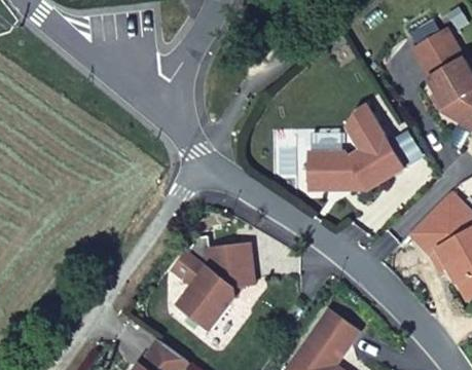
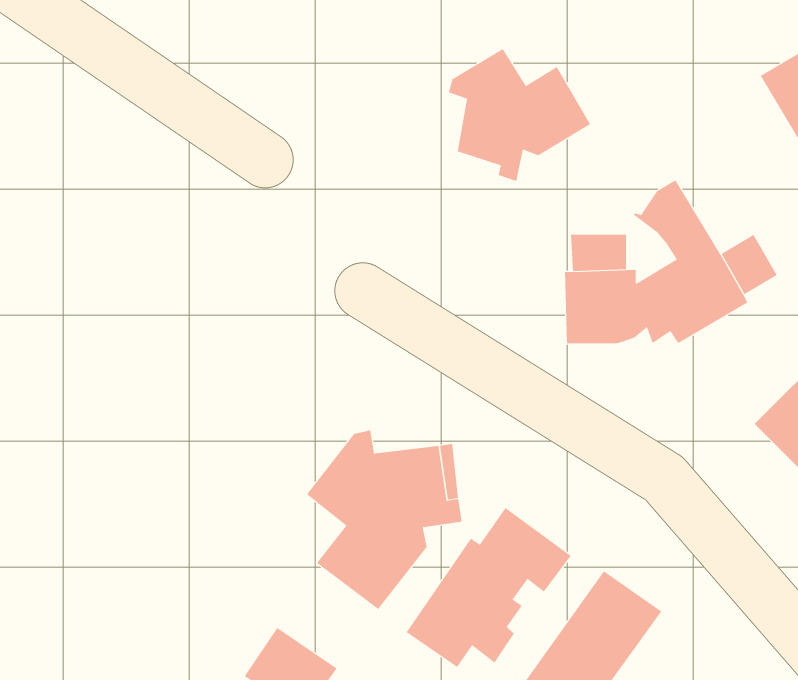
building: none -> [448,48,591,182]
building: none -> [406,507,571,668]

